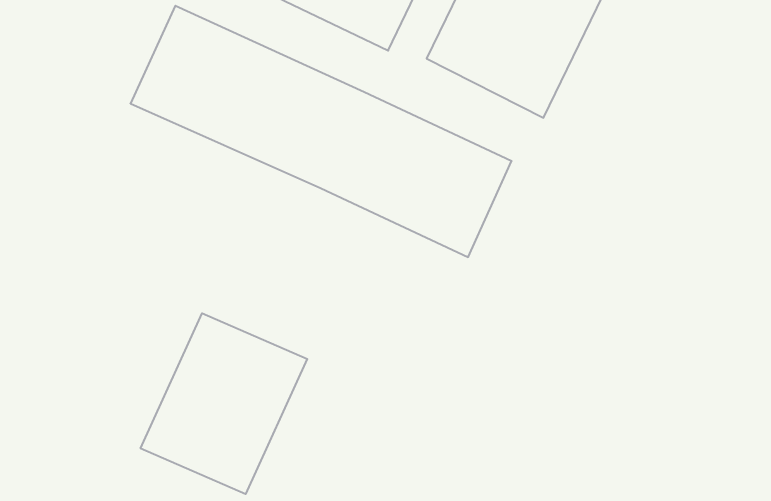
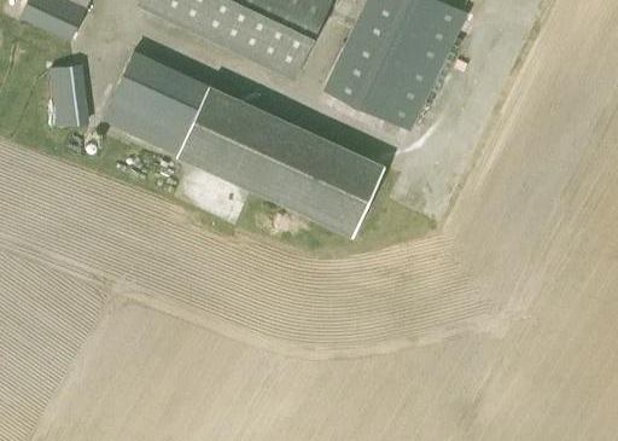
building: none -> [49,65,88,127]
building: [141,313,307,494] -> none

